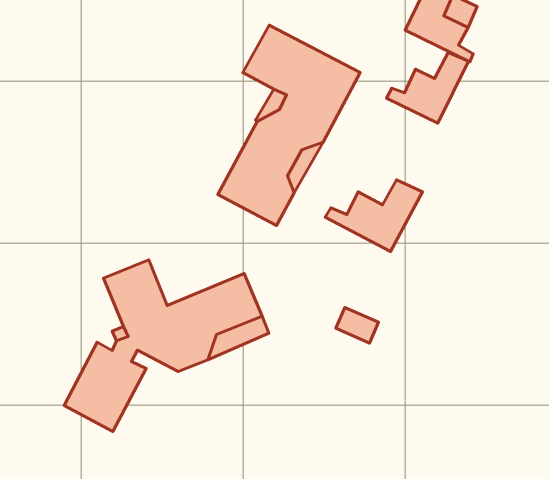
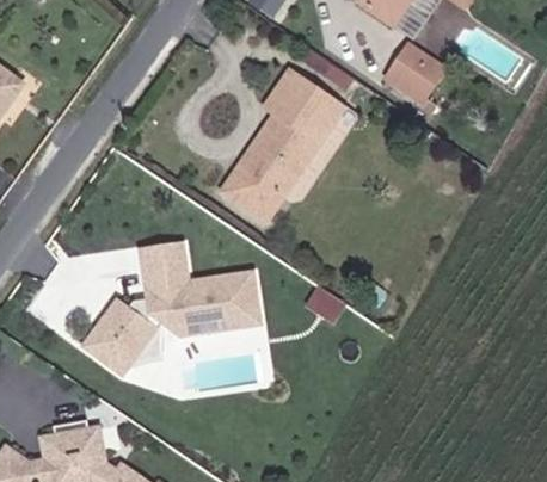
building: [386,53,468,123] -> none
building: [325,180,422,252] -> none

